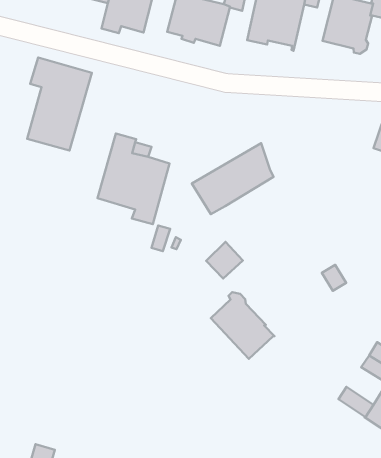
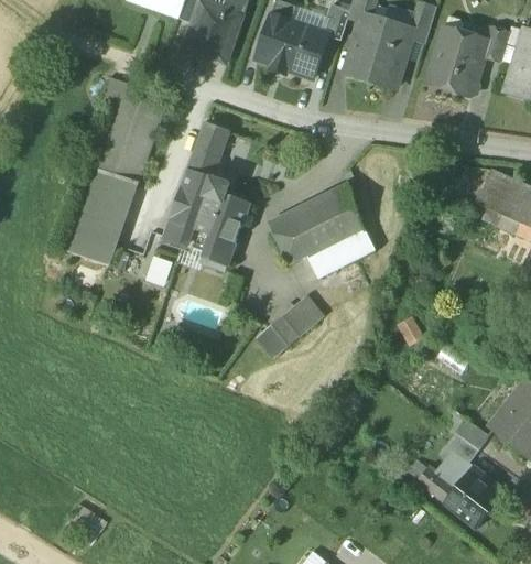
building: none -> [191,123,228,174]
building: none -> [62,165,151,270]
building: none -> [306,227,373,276]
building: none -> [257,315,299,356]
building: [211,292,274,359] -> none

